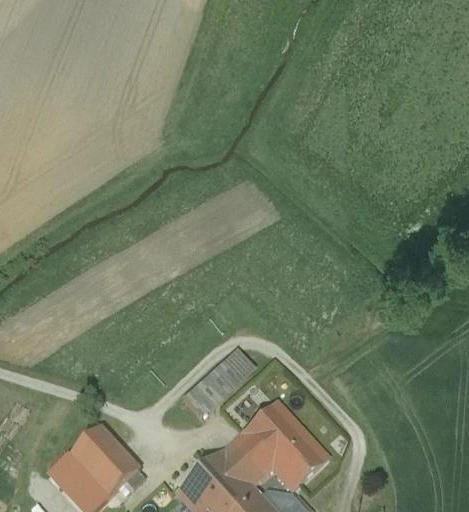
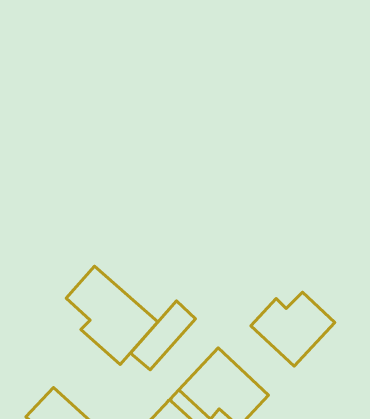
building: none -> [66,266,158,365]
building: none -> [251,292,335,366]

